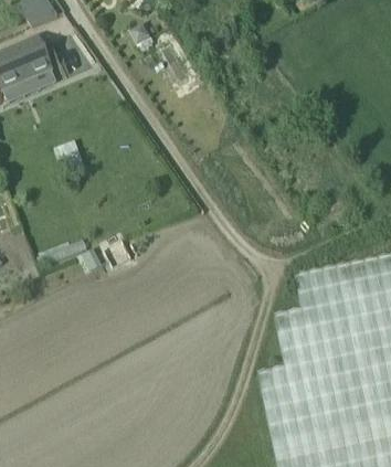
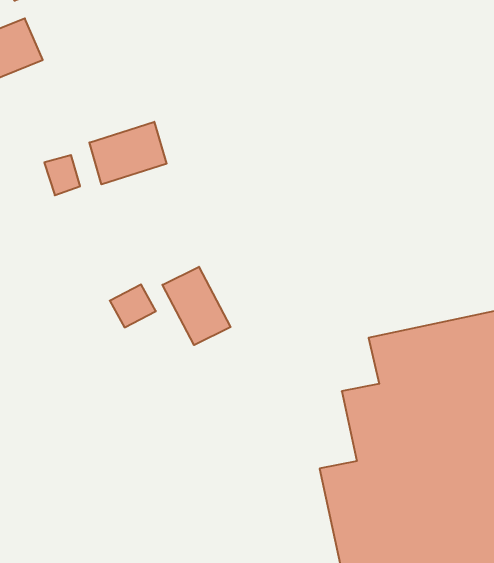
building: none -> [89,122,167,184]
building: none -> [162,267,231,345]

